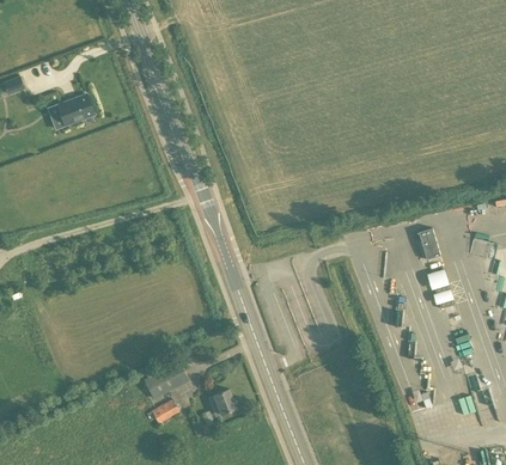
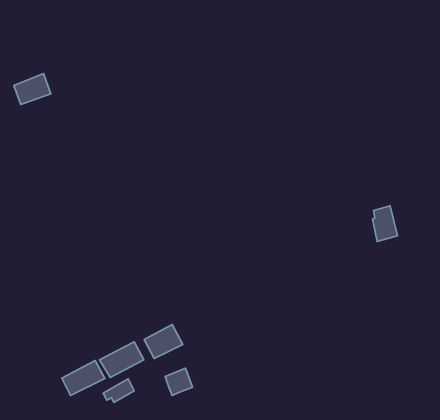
building: none -> [144,325,183,359]
building: none -> [62,360,105,396]

